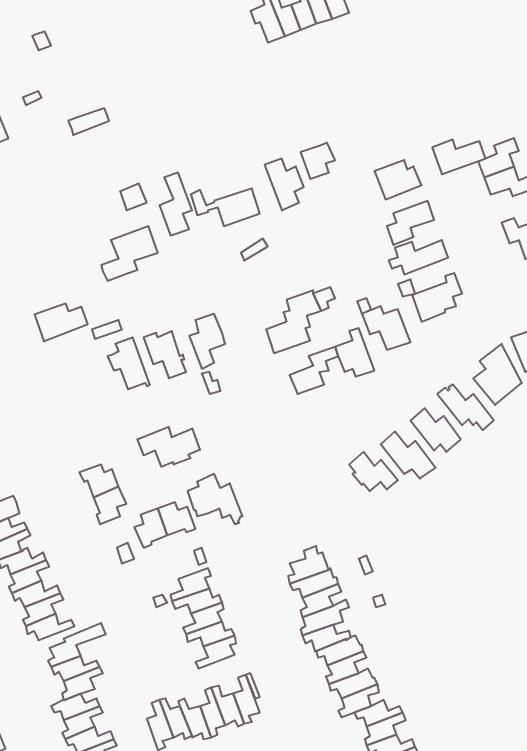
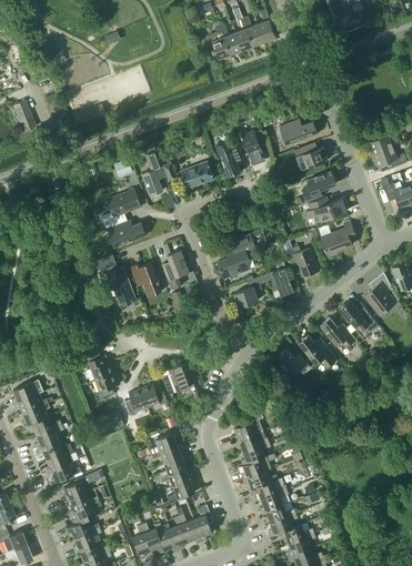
building: [432,140,486,174] -> [280,121,318,145]
building: [34,304,88,341] -> [108,221,145,247]
building: [137,427,200,467] -> none

